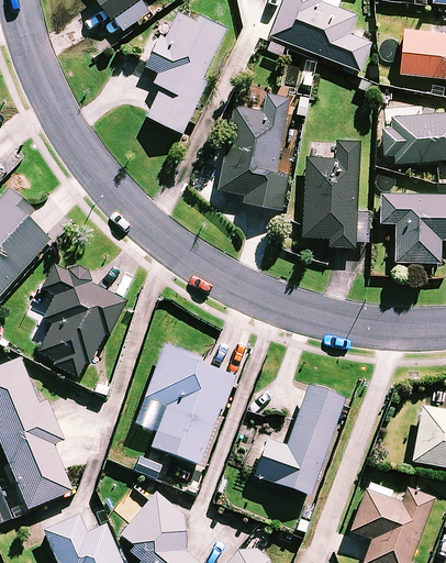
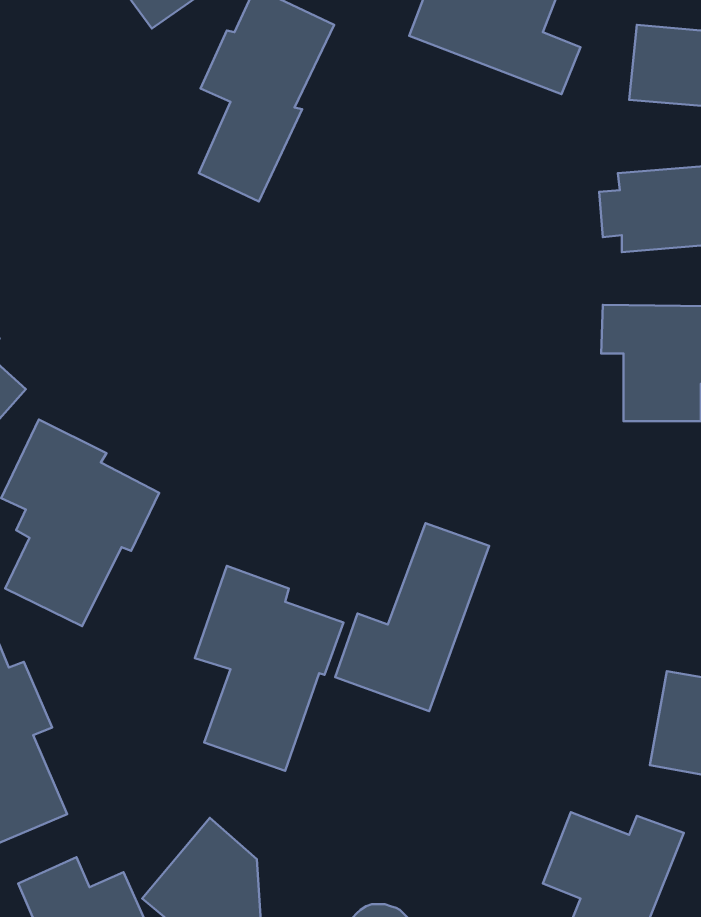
building: [220,92,291,209] -> none
building: [304,137,371,246] -> none
building: [254,387,344,497] -> [335,523,489,711]

